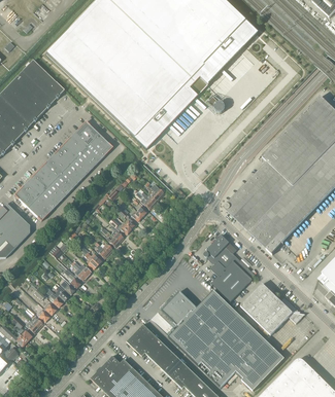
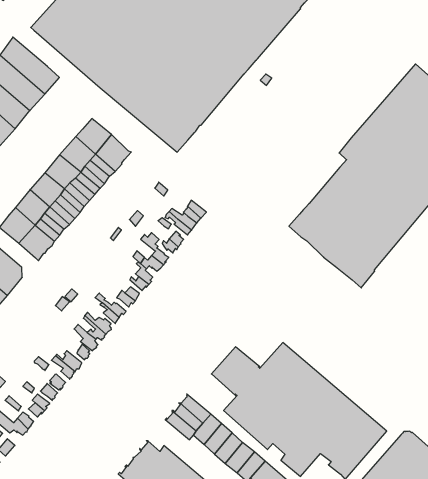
building: [203,234,256,301] -> none
building: [240,283,305,334] -> none

